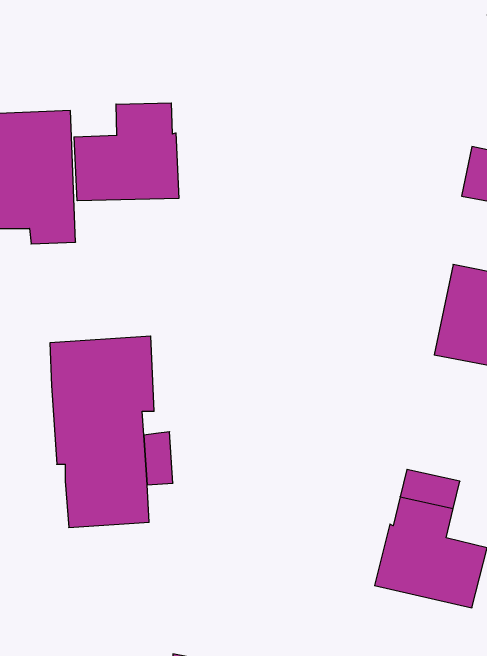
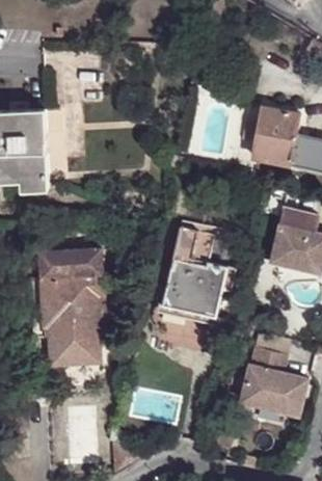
building: none -> [238,104,295,164]
building: [74,103,179,201] -> none
building: none -> [161,229,223,318]

